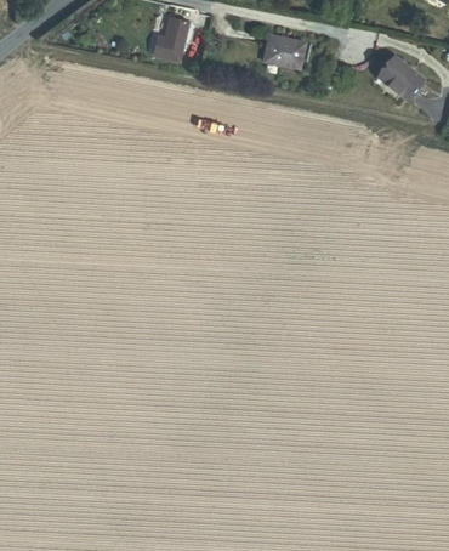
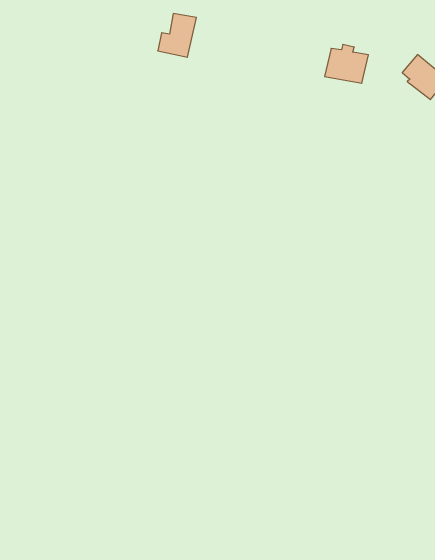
building: [266,32,307,68] -> [325,45,368,83]

